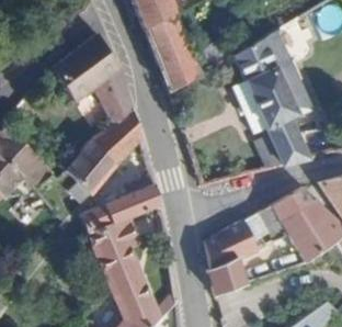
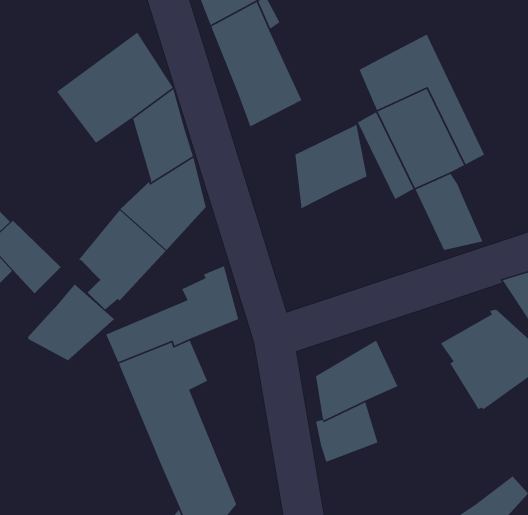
building: none -> [295,123,367,209]
building: none -> [27,284,115,361]
building: [259,188,315,240] -> none

